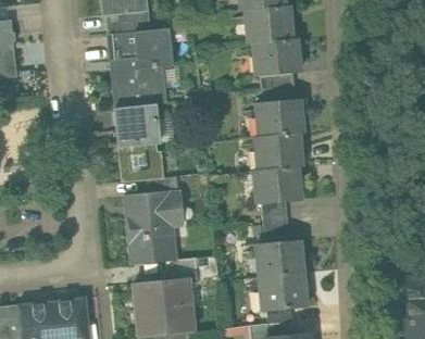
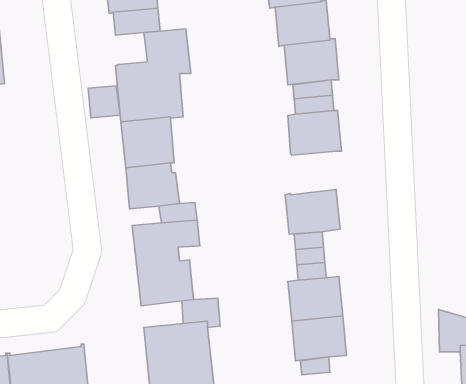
building: [110,32,137,59] -> [88,86,120,118]
building: [255,133,302,170] -> none

